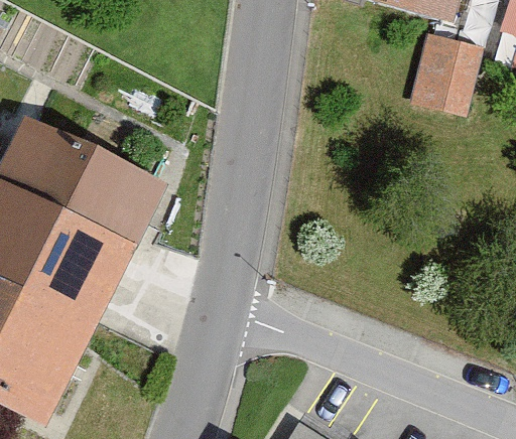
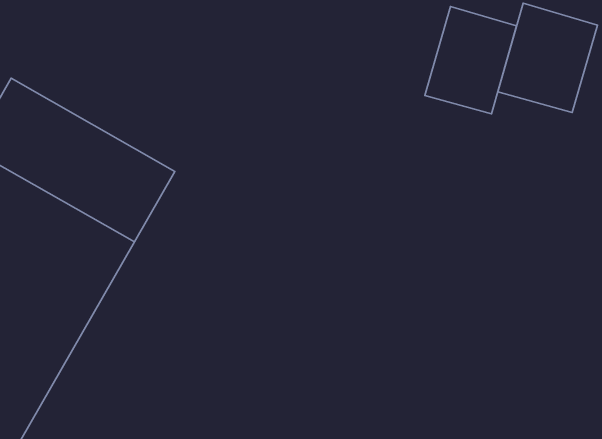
building: none -> [425,7,517,114]

